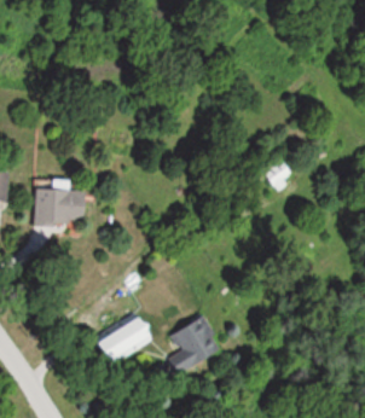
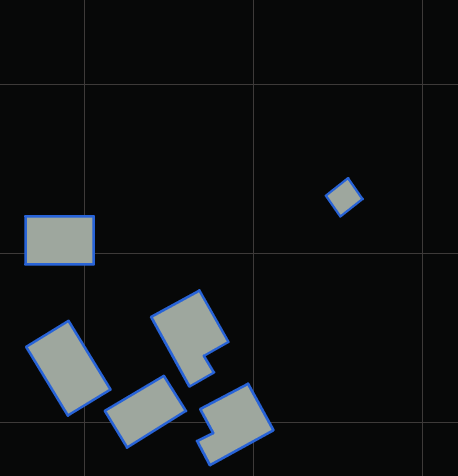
building: none -> [151,290,228,386]
building: none -> [26,321,110,416]

